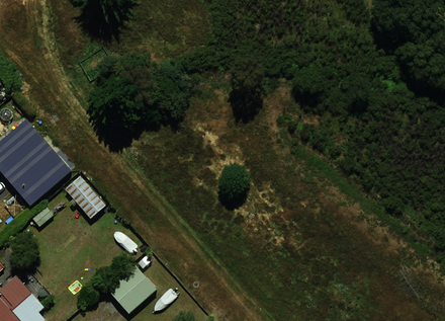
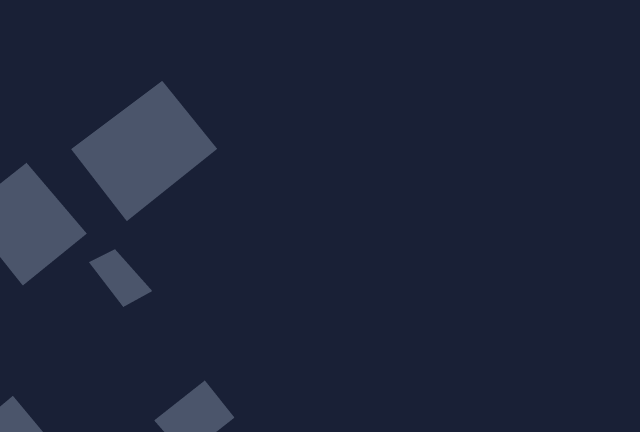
building: none -> [70,80,218,222]

